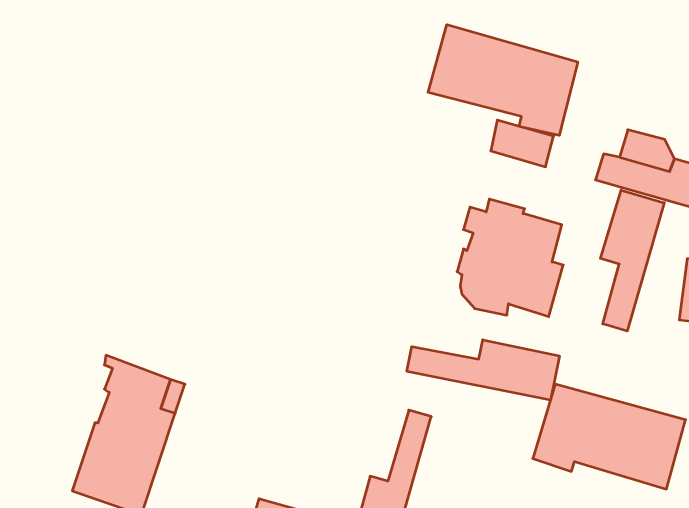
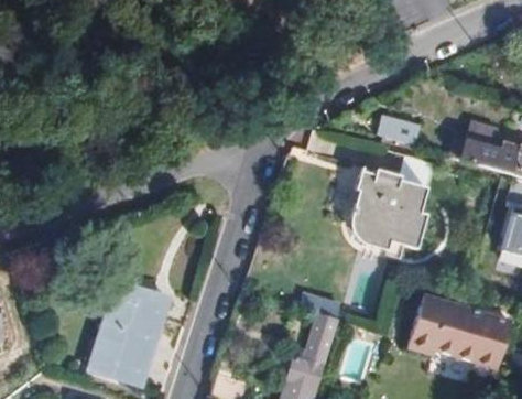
building: [428,25,578,135] -> none
building: [600,190,664,331] -> none
building: [407,340,559,400] -> none

